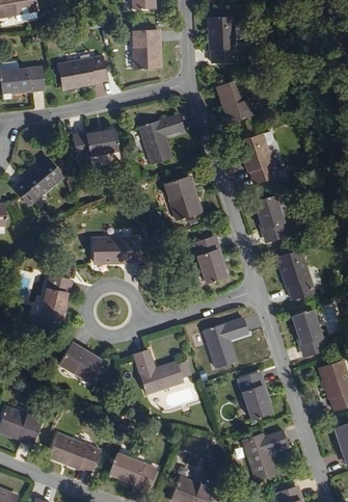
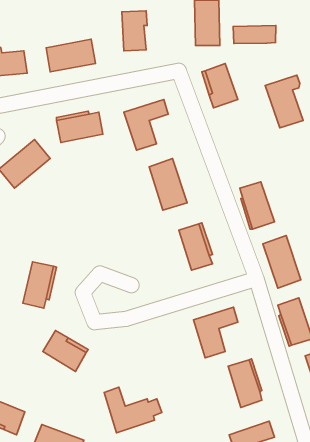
building: none -> [233,26,276,43]
building: [238,131,275,183] -> [265,75,303,128]
building: [92,236,138,262] -> none
building: [139,350,196,395] -> [104,387,162,433]

